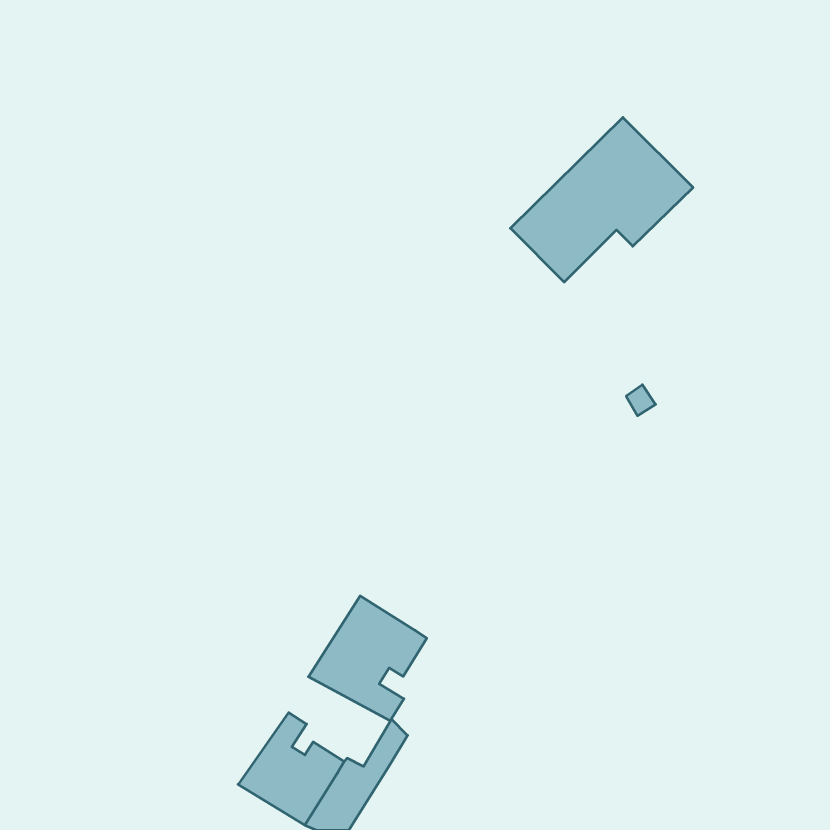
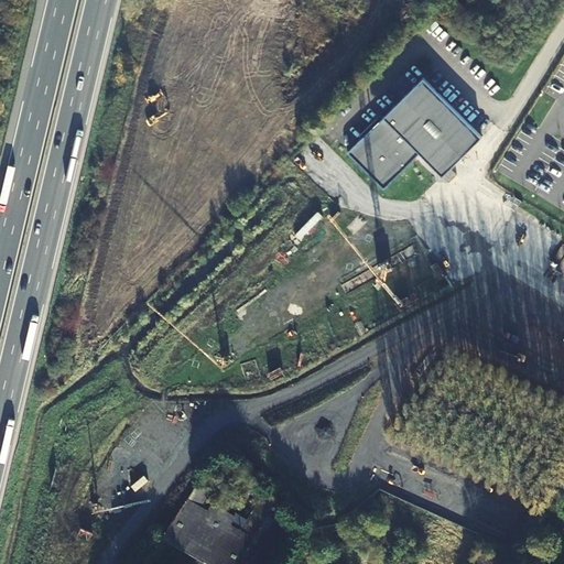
building: none -> [427,127,479,177]
building: [308,596,427,721] -> none

